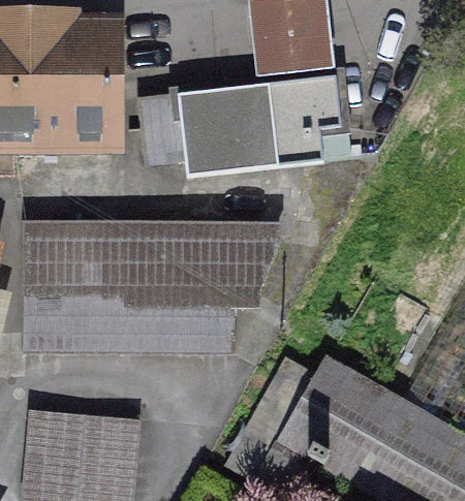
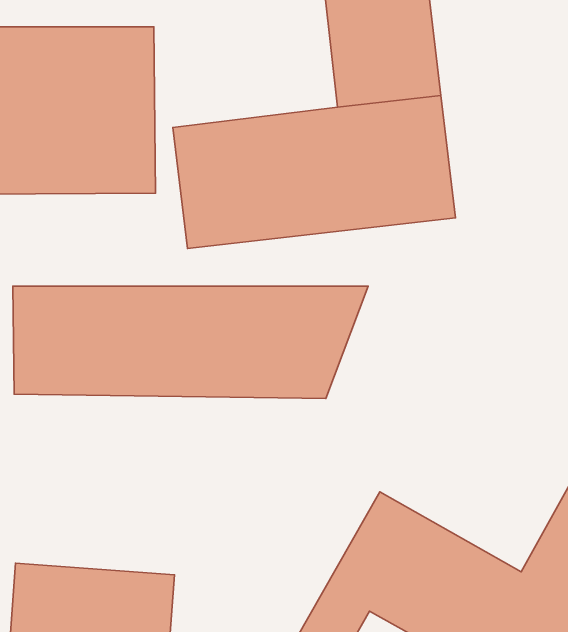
building: [28,296,235,348] -> none

